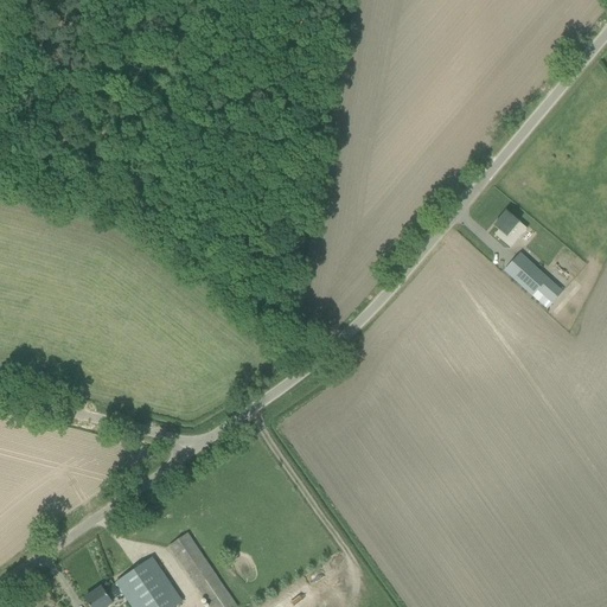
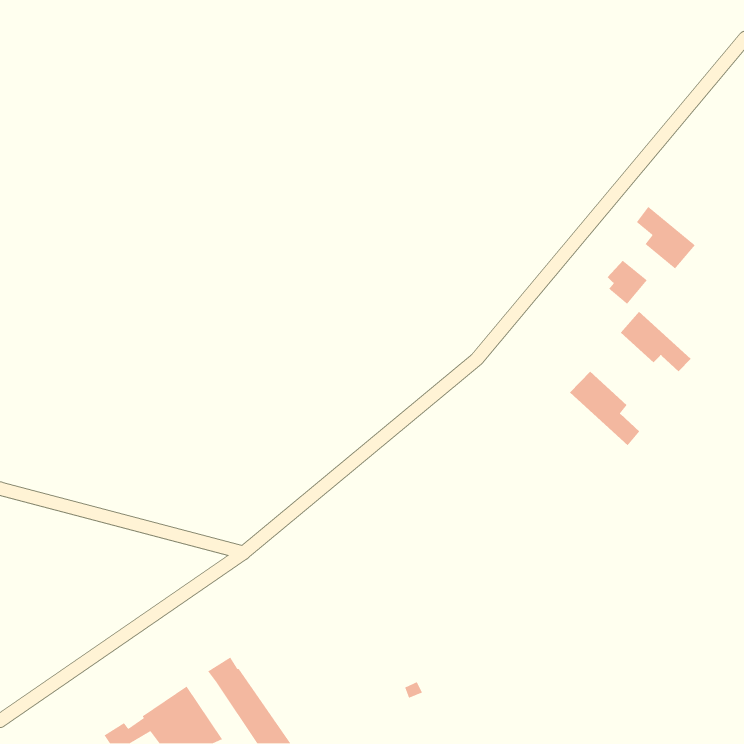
building: none -> [636,206,696,269]
building: none -> [569,371,640,446]

